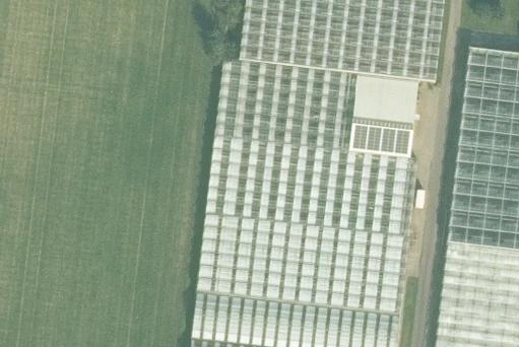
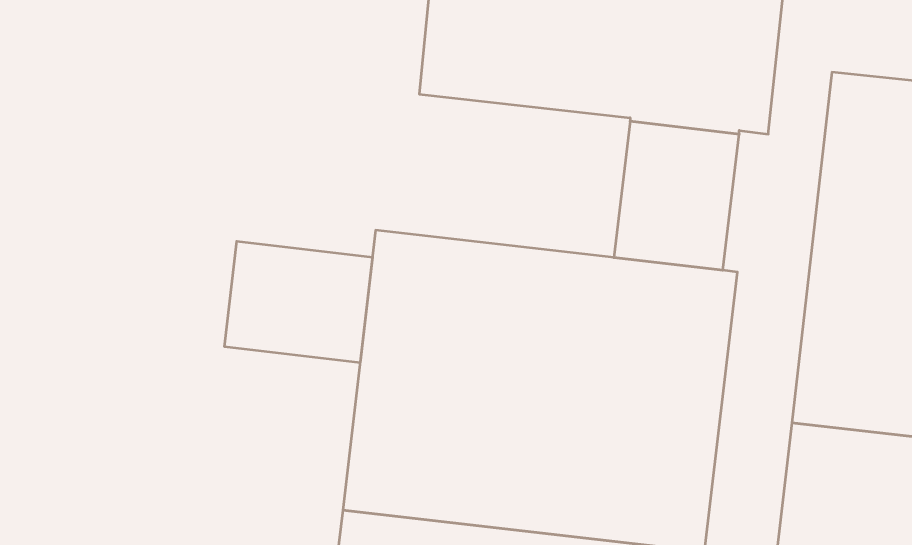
building: [215,61,358,153] -> none
building: none -> [225,241,372,363]

